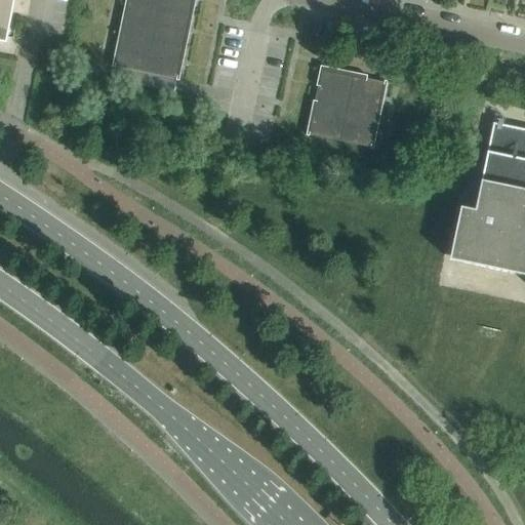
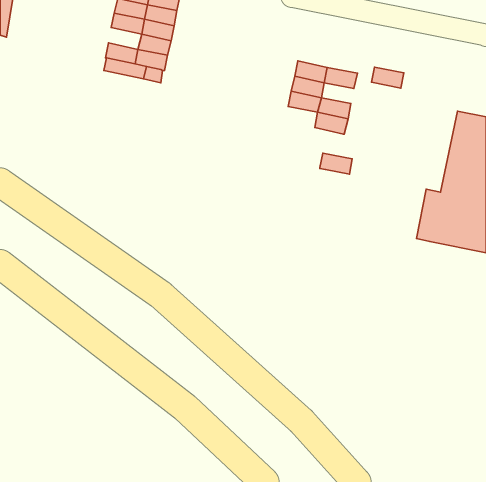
building: [117,30,153,53] -> none
building: [347,89,381,112] -> [372,67,404,88]
building: [308,115,342,137] -> [320,153,352,174]

